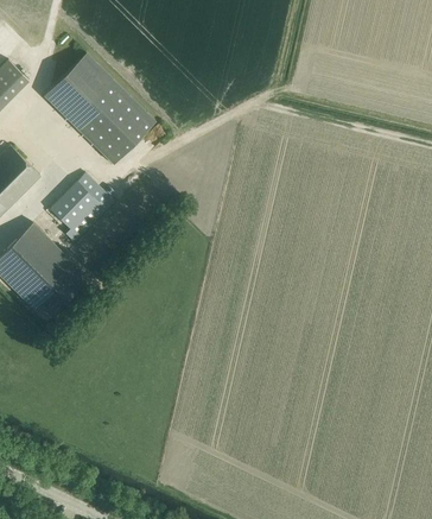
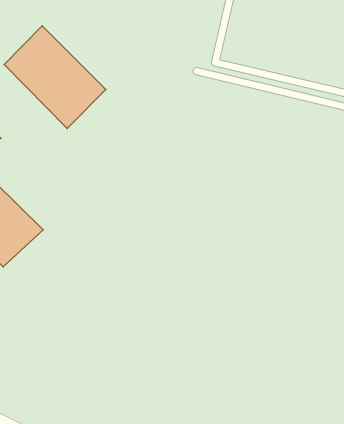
building: [50,173,114,242] -> none

